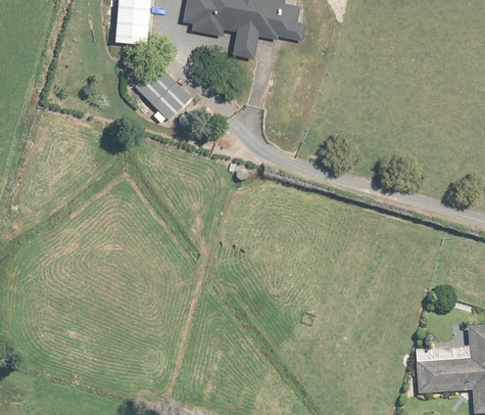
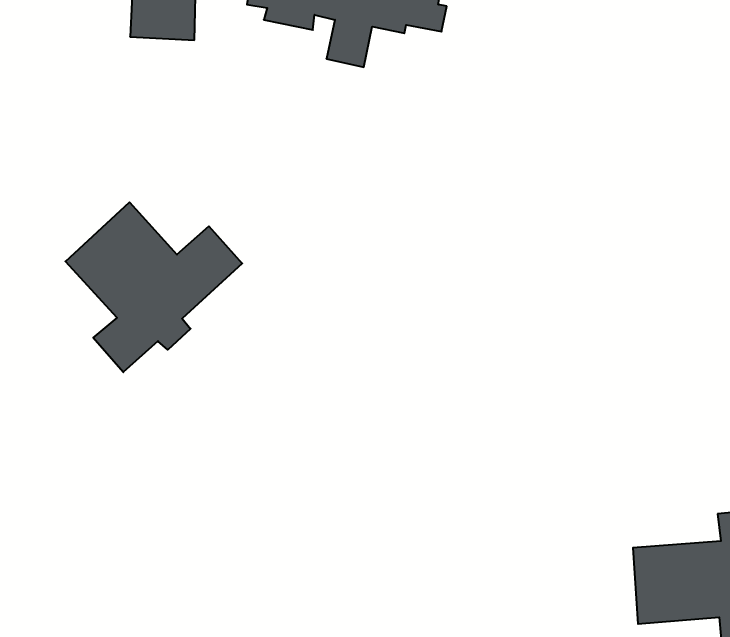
building: [136,62,193,125] -> none
building: none -> [65,202,242,372]

